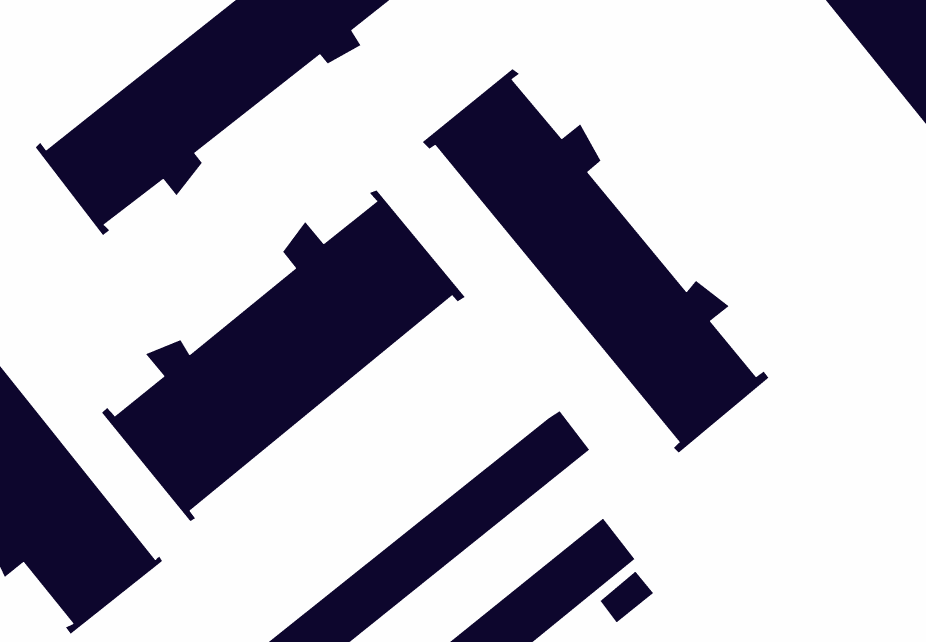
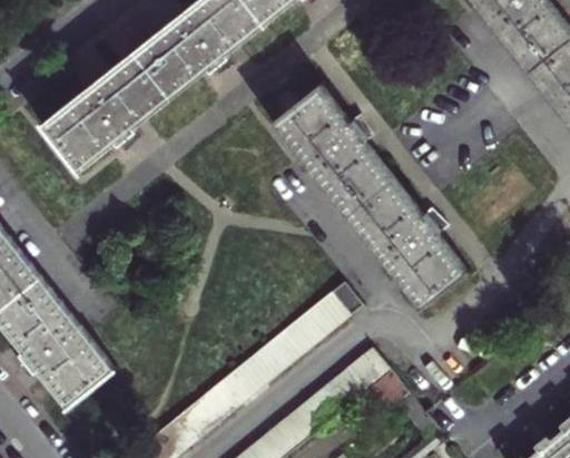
building: [101,190,466,522] -> none

